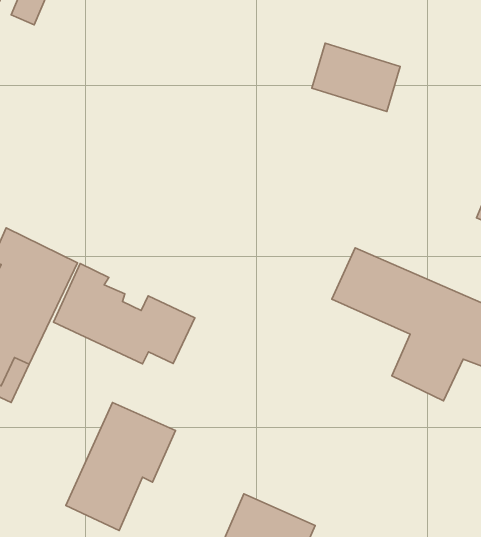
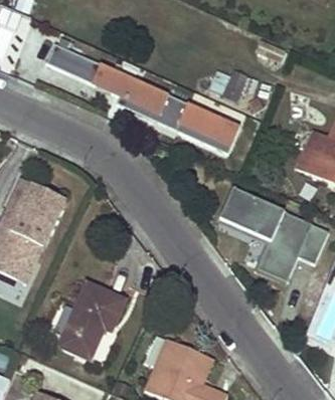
building: none -> [46,44,239,154]
building: [54,264,195,364] -> none

